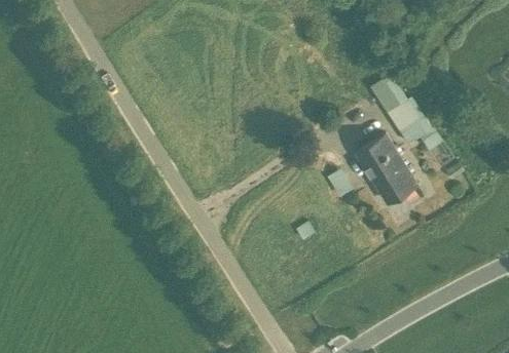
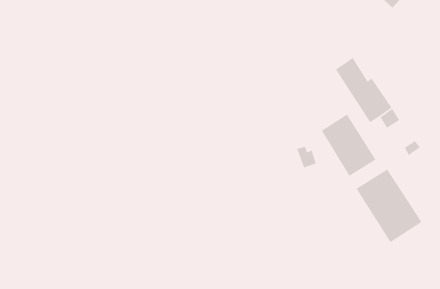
building: none -> [356,169,423,243]

